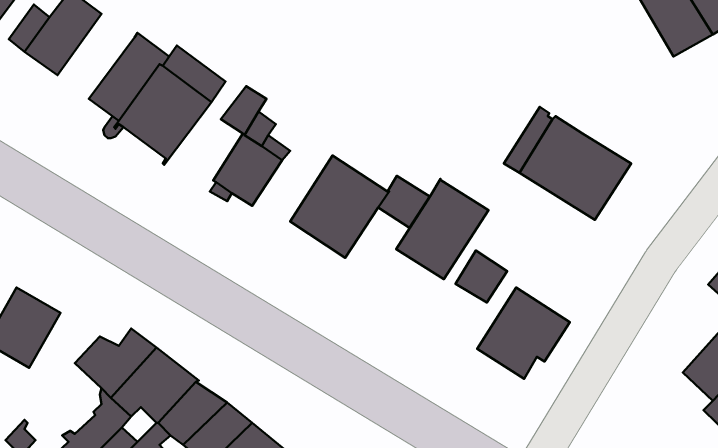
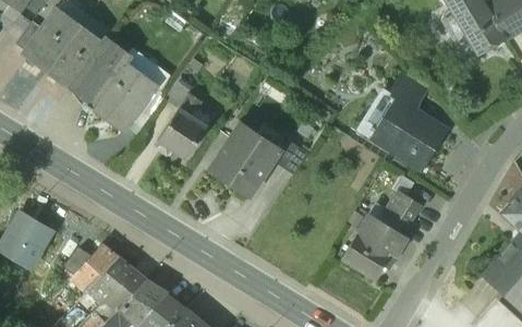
building: none -> [50,25,104,84]
building: none -> [390,73,427,108]
building: [396,179,488,279] -> none
building: [455,251,507,303] -> [385,191,421,227]

